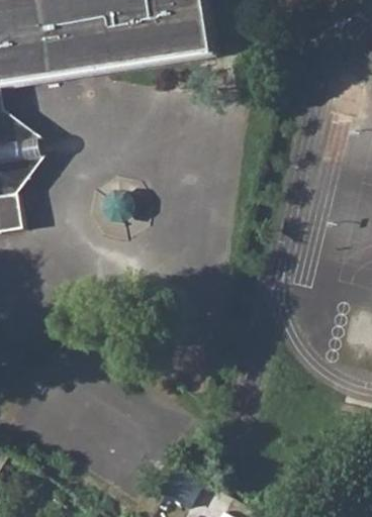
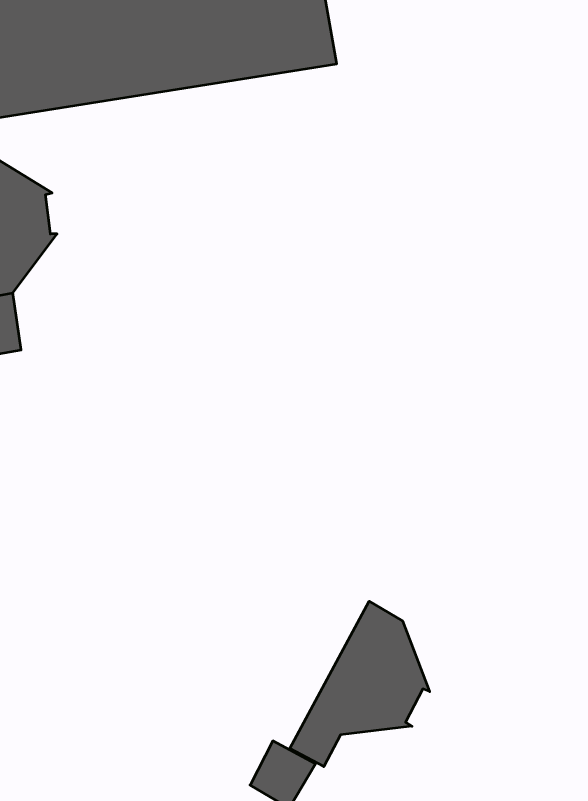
building: none -> [290,601,430,767]

